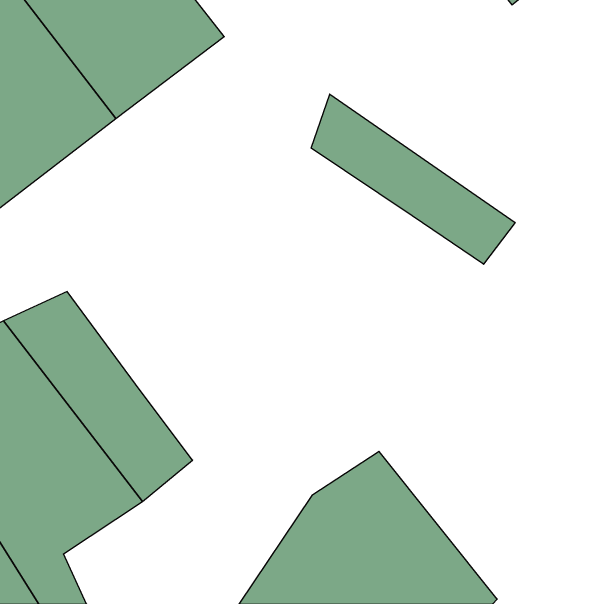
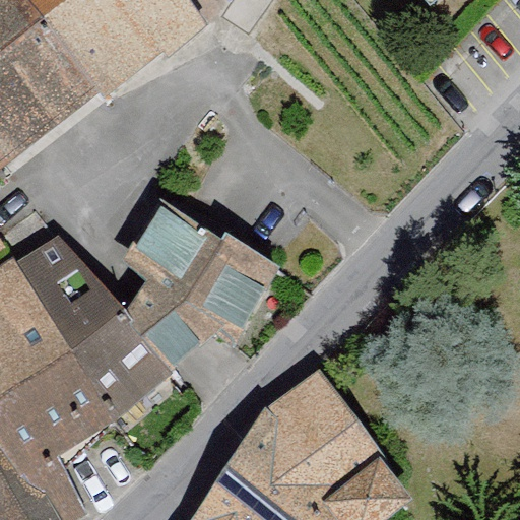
building: [311,94,515,264] -> none
building: none -> [117,195,275,383]

